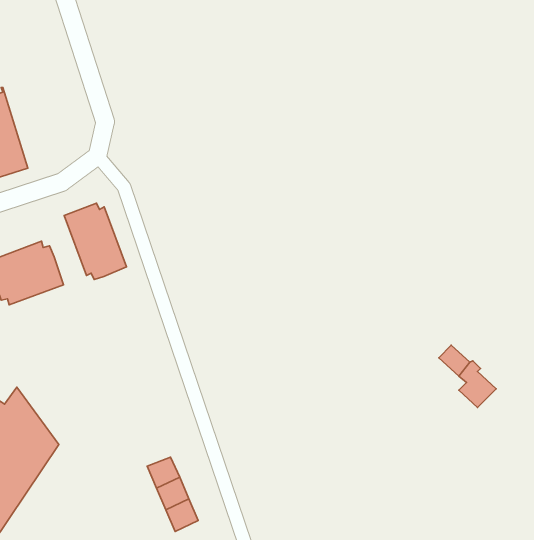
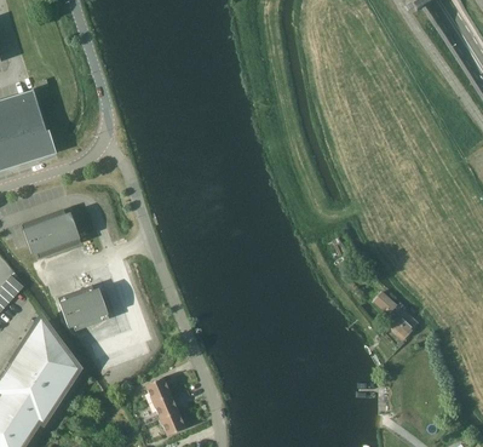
building: [64,203,126,279] -> none
building: none -> [57,285,108,331]

